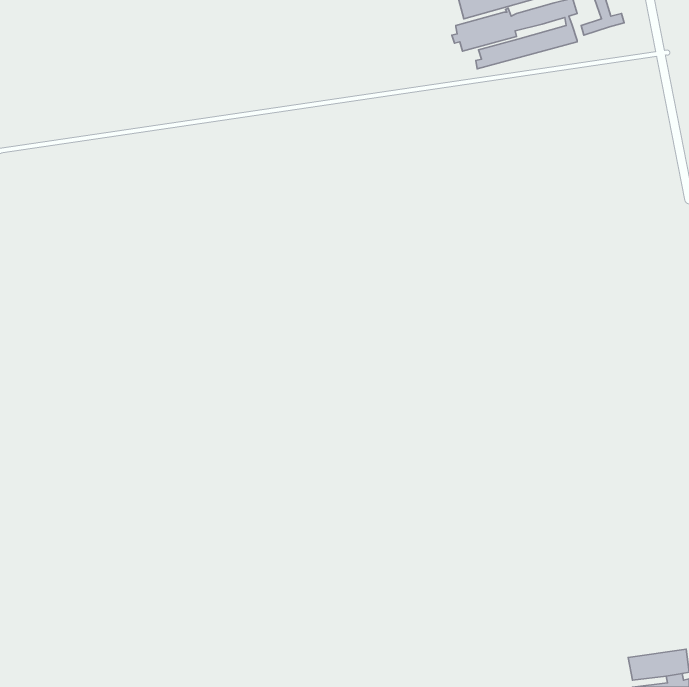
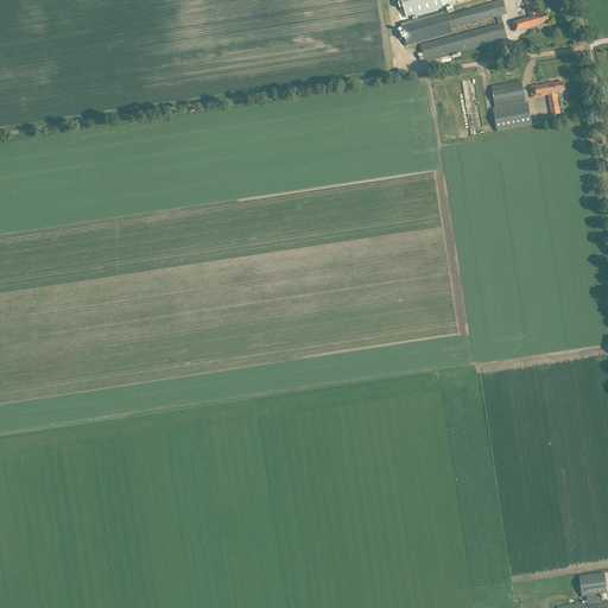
building: none -> [492,80,532,131]
building: none -> [530,81,565,114]

